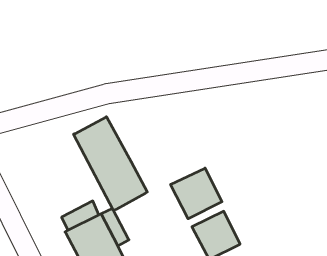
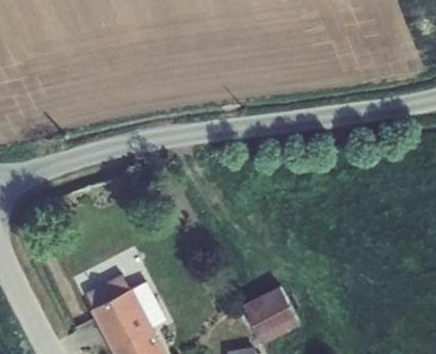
building: [74,117,147,210] -> none
building: [171,168,222,219] -> none

